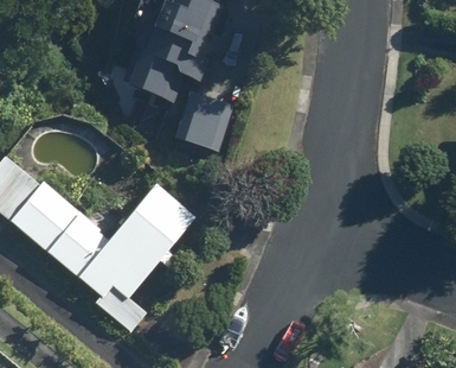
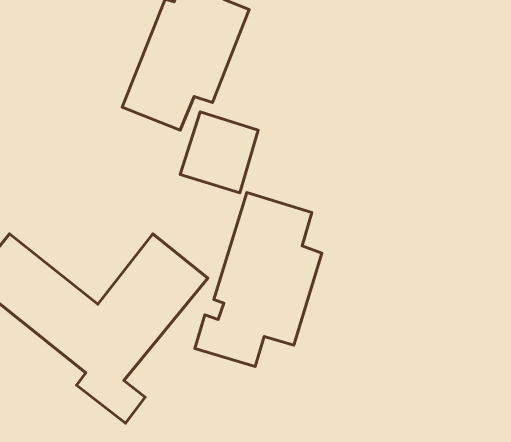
building: none -> [195,192,322,367]

